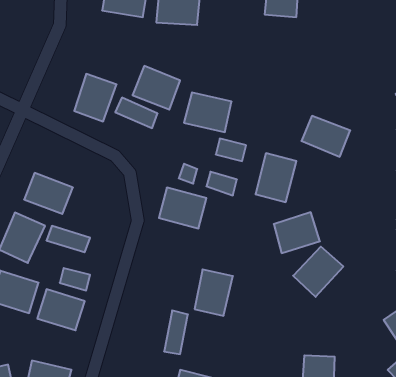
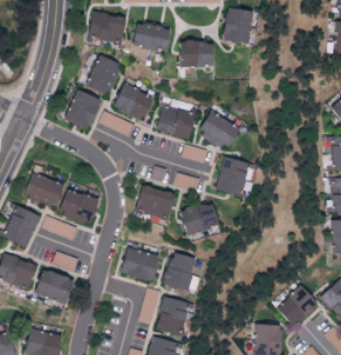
building: none -> [179,41,213,67]
building: none -> [86,55,122,96]
building: [301,116,350,157] -> [198,113,239,147]
building: none -> [58,188,99,224]
building: [274,212,320,253] -> [180,201,218,235]
building: [293,247,343,297] -> [276,286,318,328]
building: none -> [121,248,159,281]
building: none -> [155,296,192,336]

